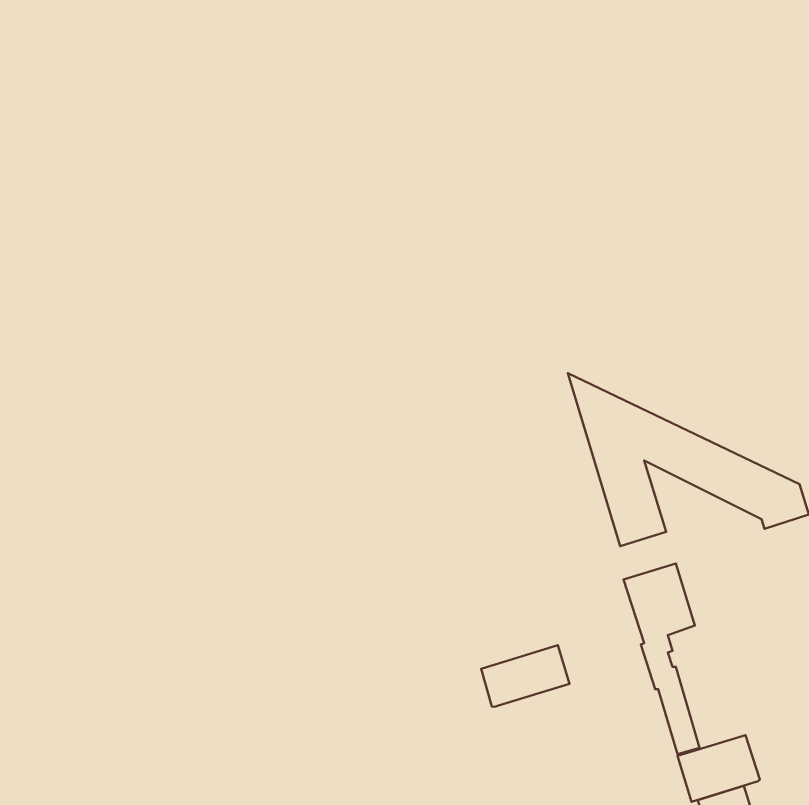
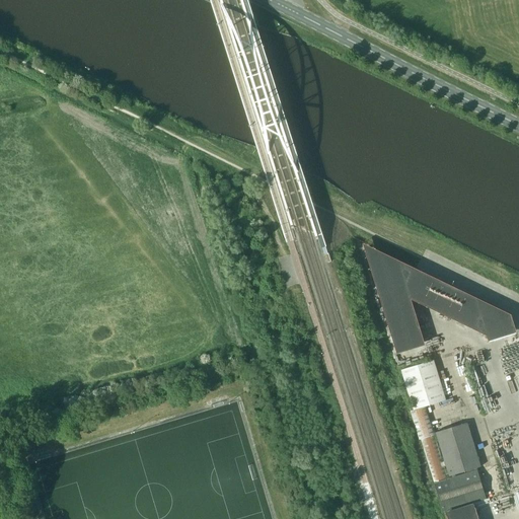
building: [481,645,570,707] -> none
building: none -> [435,427,479,480]

